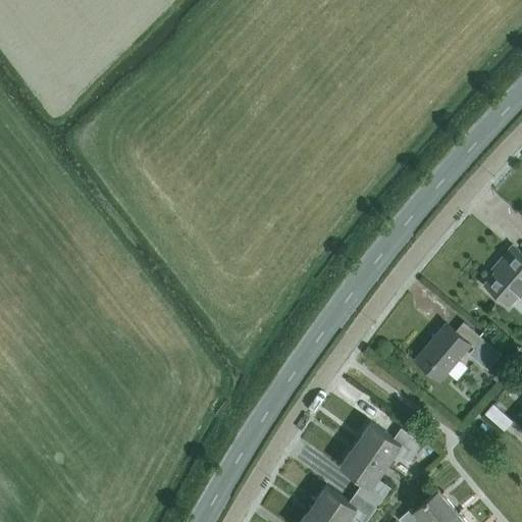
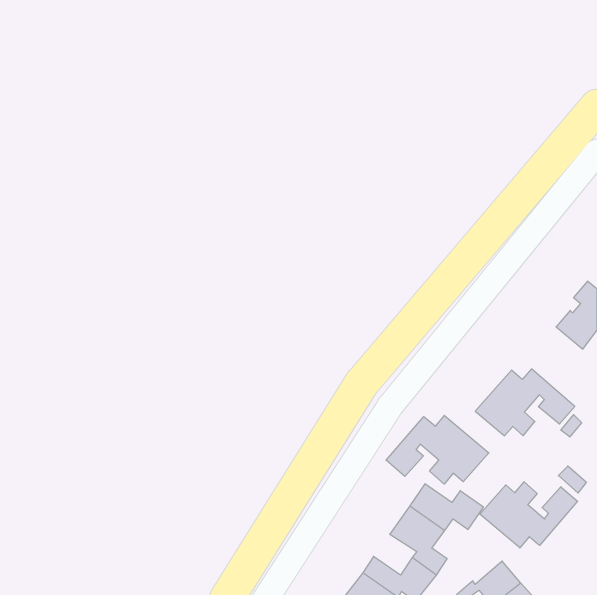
building: none -> [386,415,489,484]
building: none -> [480,482,578,548]

